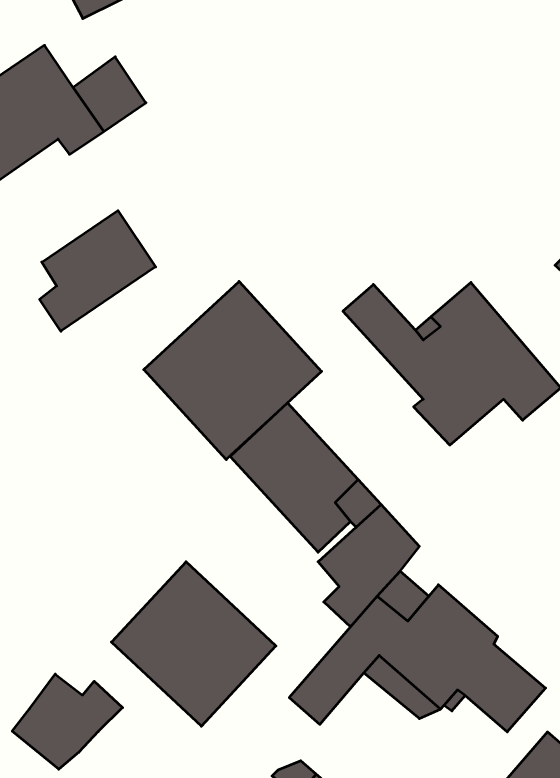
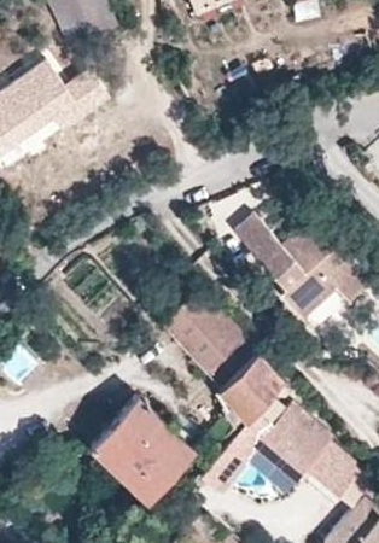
building: [40,211,156,331] -> none
building: [144,281,322,460] -> none
building: [12,674,123,769] -> none

